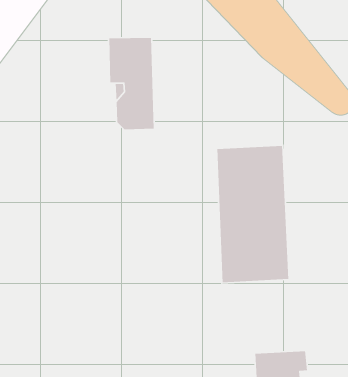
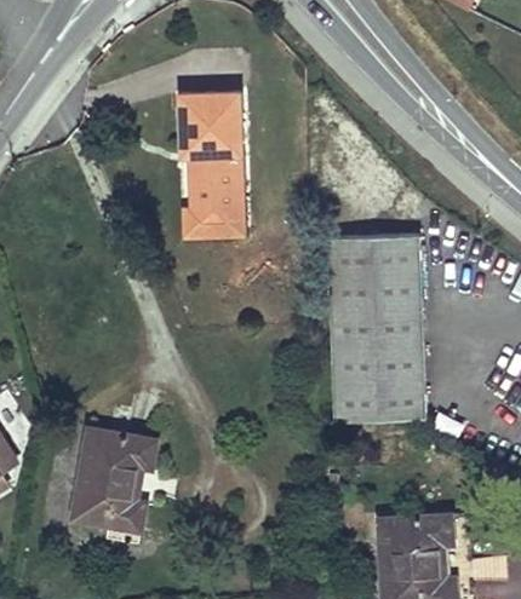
building: none -> [182,203,244,234]
building: none -> [73,431,156,531]

